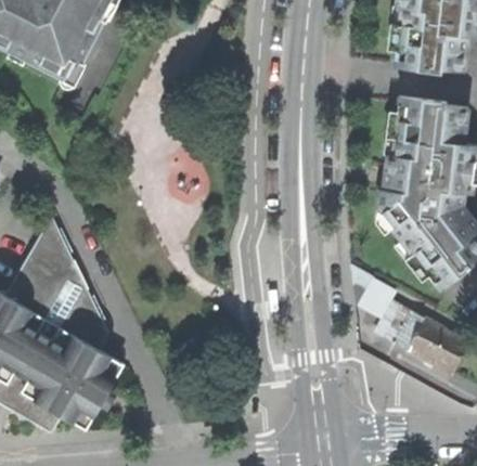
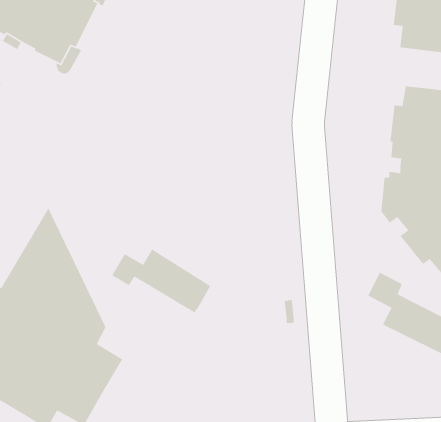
building: none -> [111,248,211,314]

